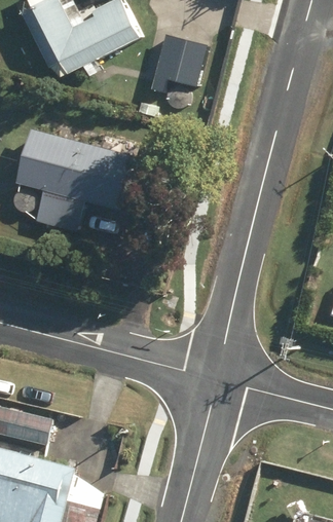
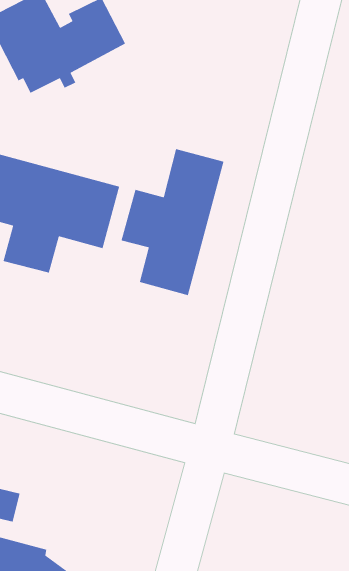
building: [151,36,216,90] -> none
building: none -> [120,148,225,296]

